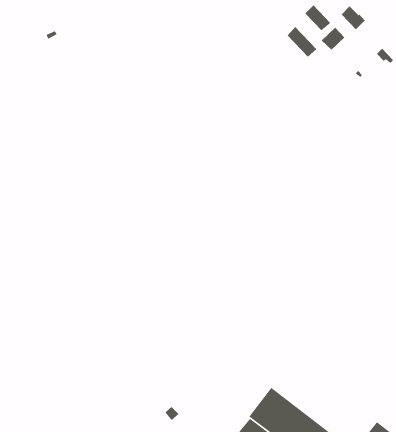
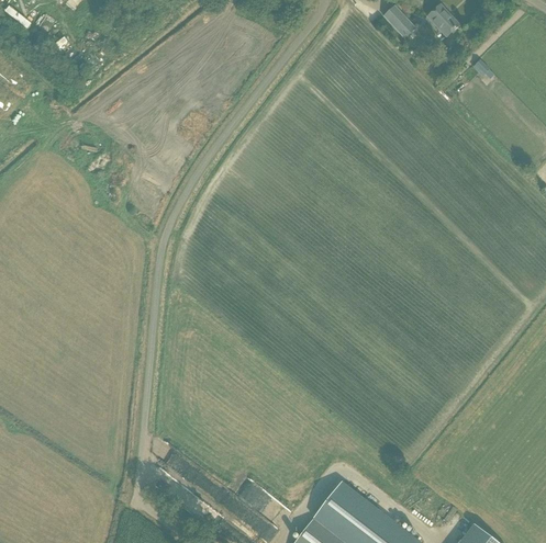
building: [287,26,317,57] -> none
building: [321,27,345,51] -> none

